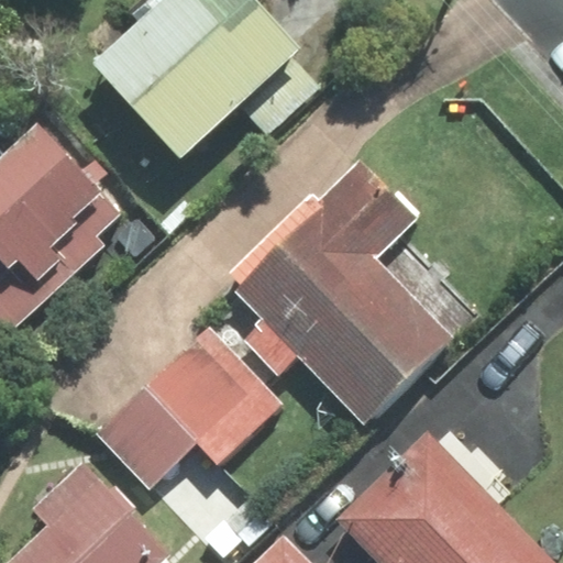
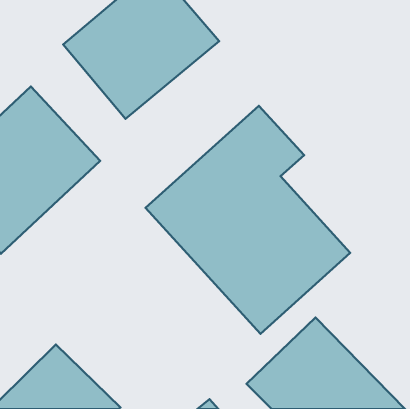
building: [97,331,285,495] -> none

